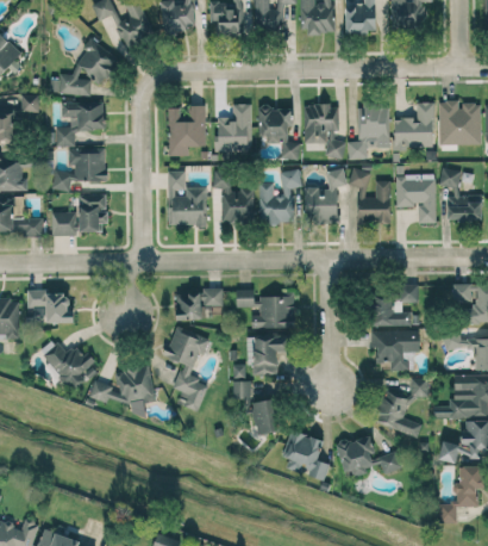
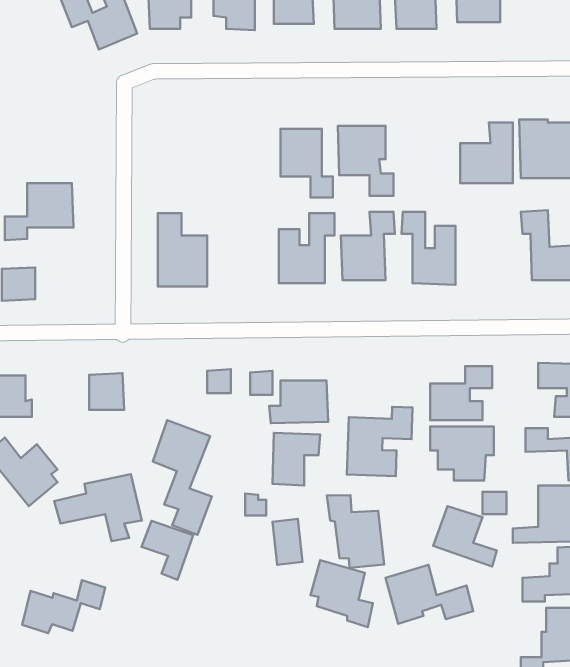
building: [58,41,115,95] -> none
building: [55,101,105,147] -> none
building: [214,104,251,151] -> none
building: [169,105,206,155] -> none
building: [348,107,388,159] -> none
building: [213,170,254,222] -> none
building: [395,174,436,223] -> none
building: [79,194,106,232] -> none
building: [176,292,202,319] -> [89,373,124,410]
building: none -> [347,407,412,476]
building: none -> [327,495,384,568]
building: none -> [141,521,193,580]
building: none -> [22,580,105,633]

